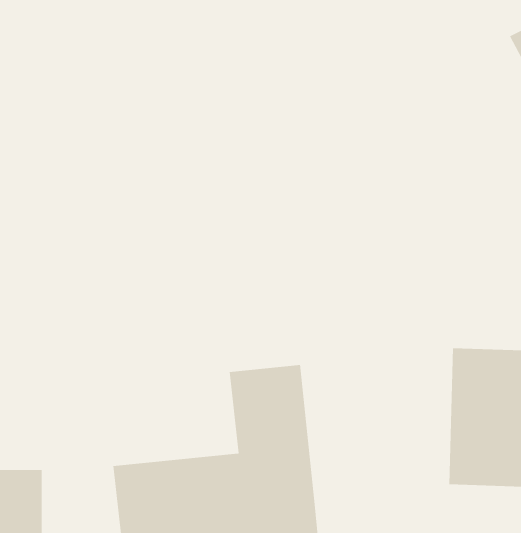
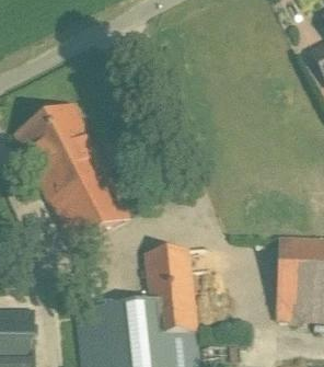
building: none -> [18,103,128,242]

